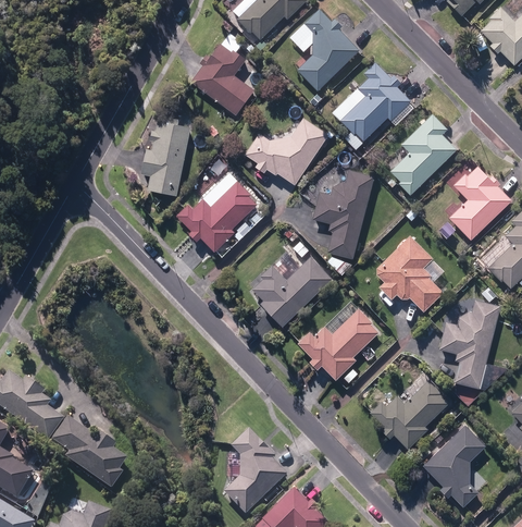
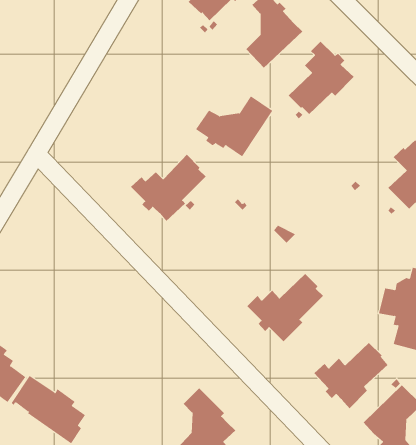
building: [192,42,256,114] -> none
building: [391,113,458,194] -> none
building: [140,115,189,195] -> none
building: [311,170,372,259] -> none
building: [375,235,442,311] -> none
building: [253,256,333,326] -> none

